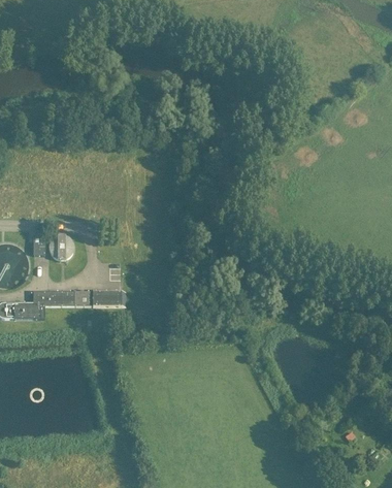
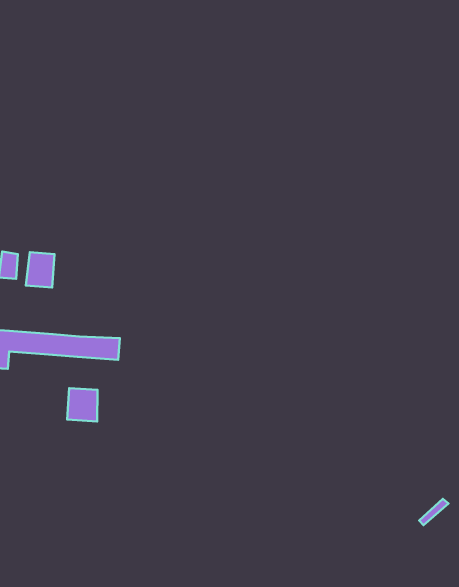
building: none -> [67,388,97,422]

